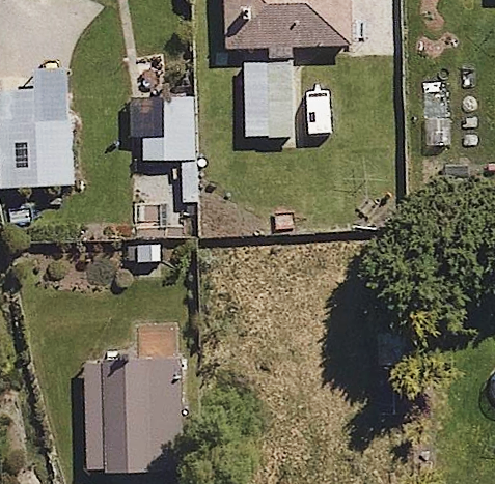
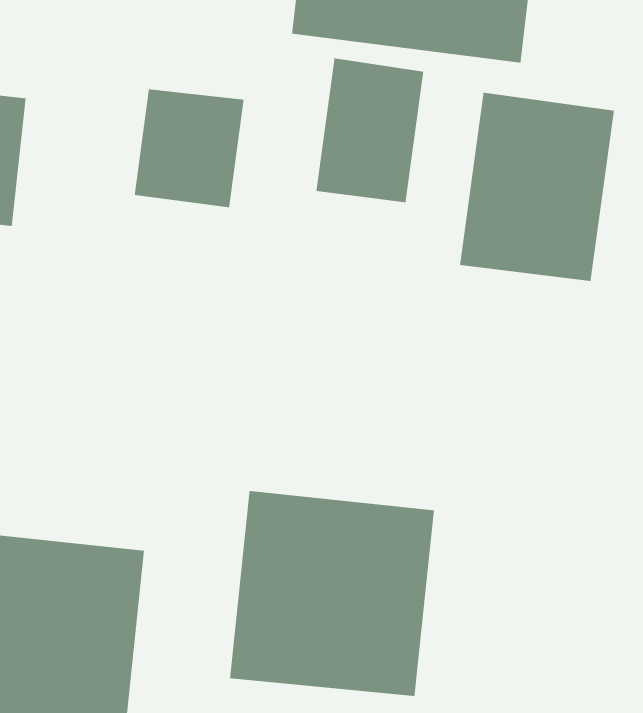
building: none -> [459,92,615,282]
building: none -> [229,490,435,697]

